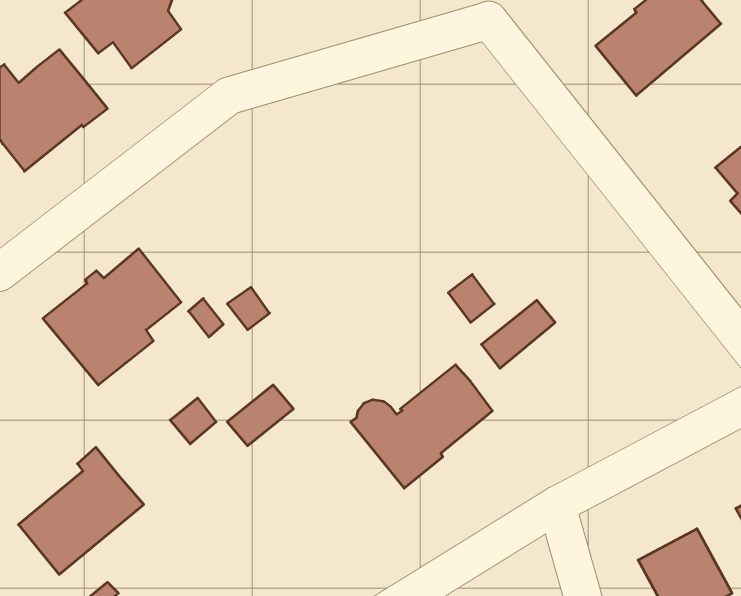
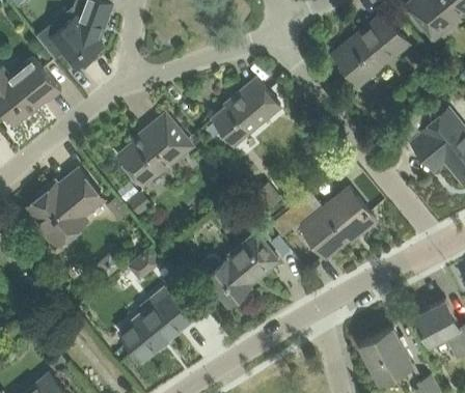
building: none -> [213,79,280,145]
building: none -> [119,115,193,185]
building: none -> [301,189,377,258]
building: [18,447,144,574] -> [120,289,191,361]

